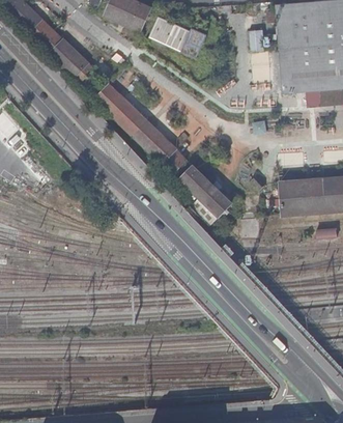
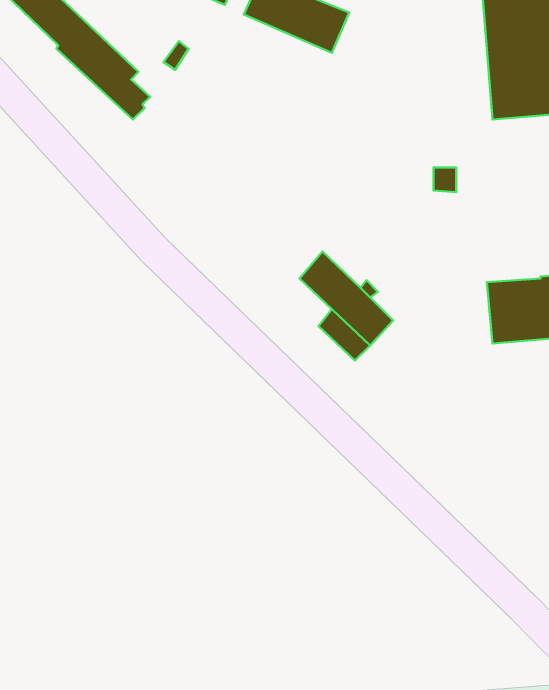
building: [96,84,192,174] -> none

